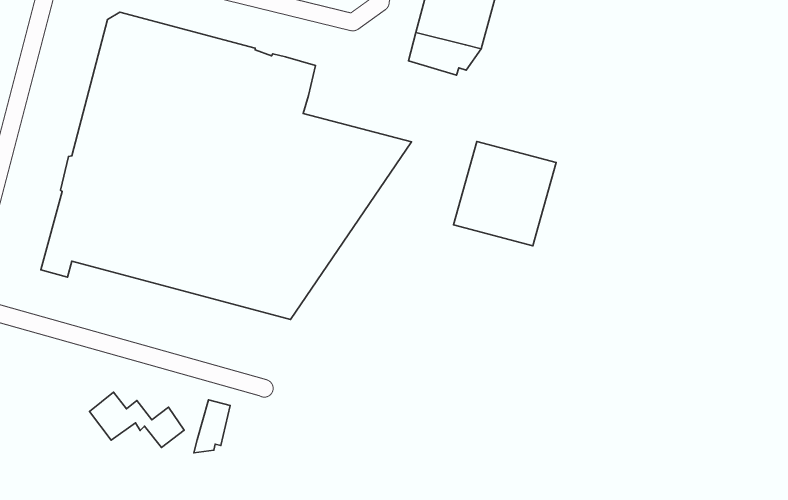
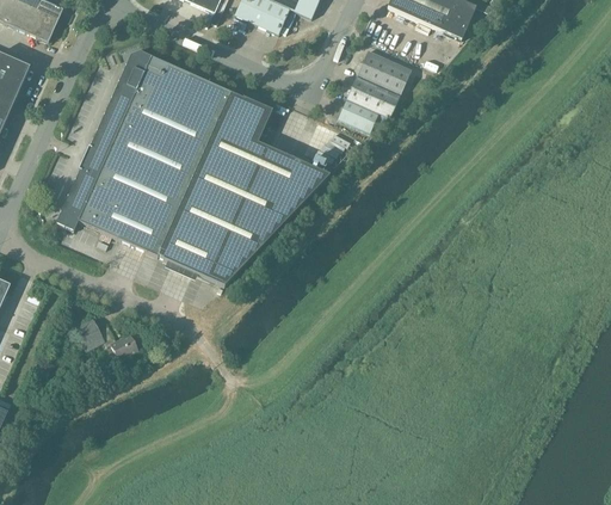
building: [453,141,556,246] -> none
building: [194,400,230,453] -> none

